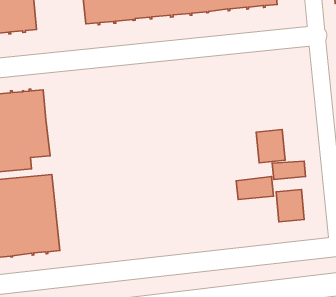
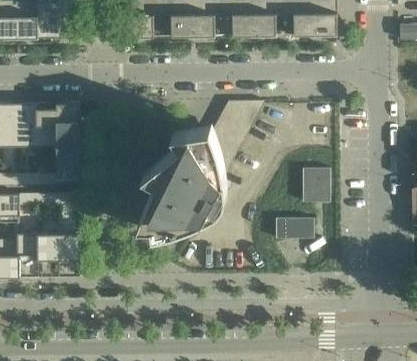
building: none -> [143,100,264,233]
building: [272,161,305,179] -> none
building: [276,190,304,222] -> none

